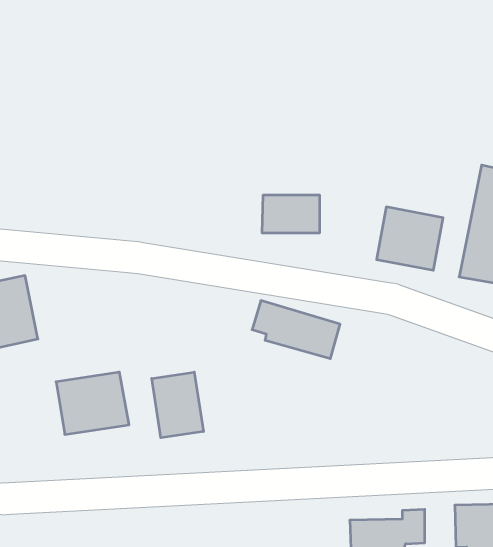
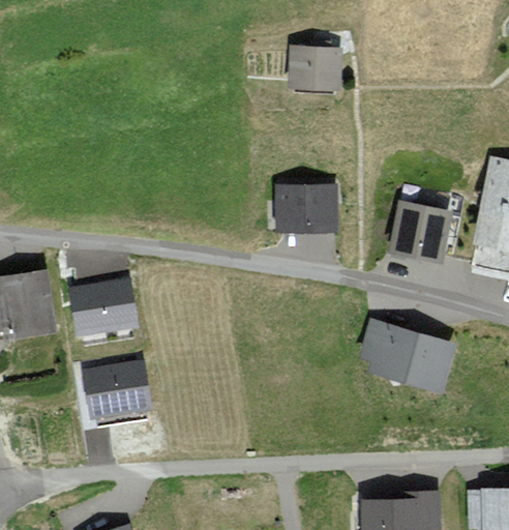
building: none -> [294,45,347,89]
building: none -> [67,276,138,340]
building: [252,301,340,359] -> [363,326,448,382]
building: [152,372,203,438] -> none

